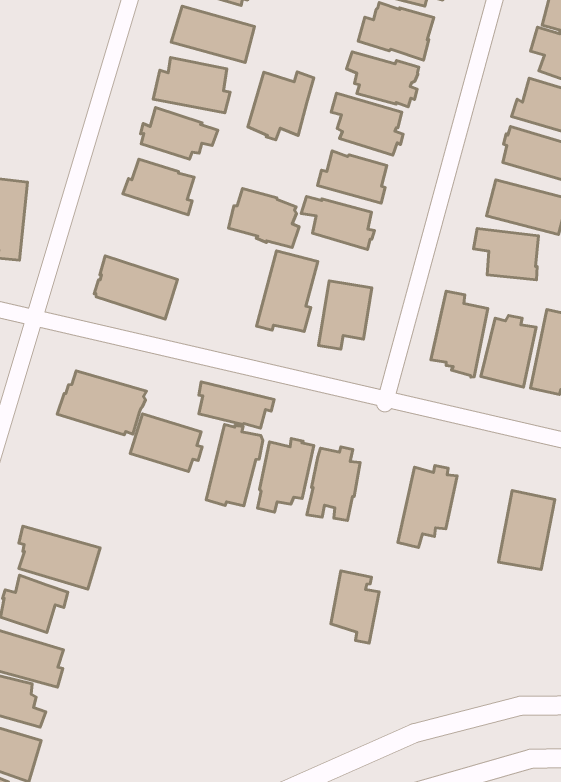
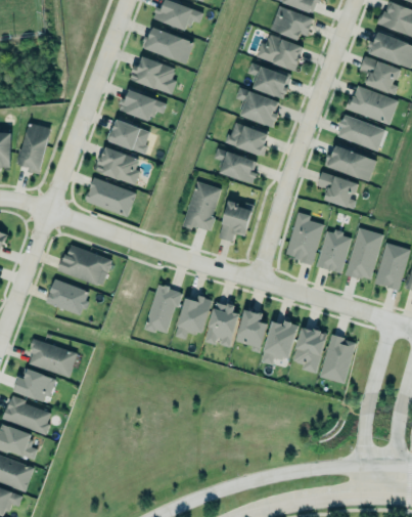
building: [248,72,314,140] -> none
building: [229,188,299,247] -> [96,146,139,184]
building: [199,382,274,428] -> none
building: [130,414,202,471] -> [45,278,89,315]
building: none -> [293,329,325,375]
building: [331,571,379,643] -> [236,308,267,353]

